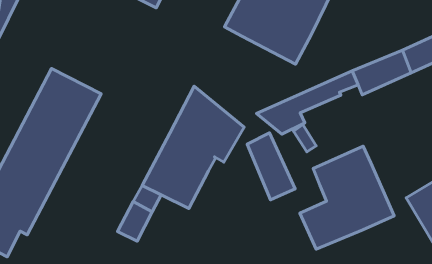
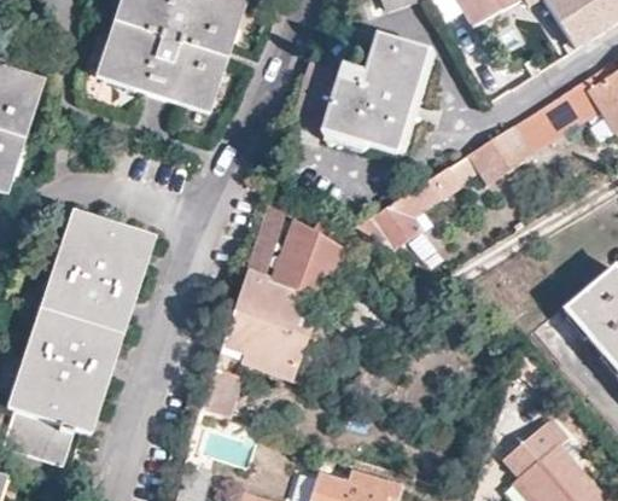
building: [247,133,295,200] -> none
building: [300,146,394,249] -> none

